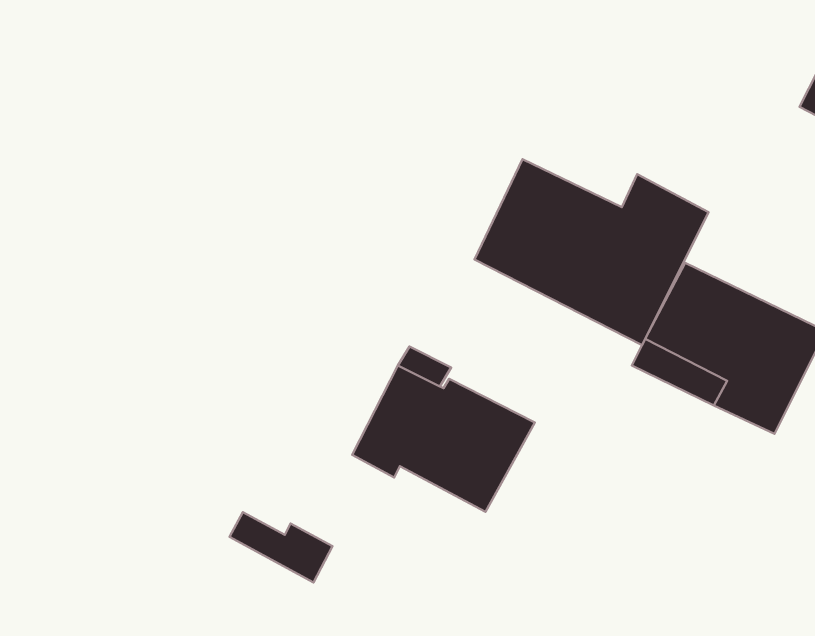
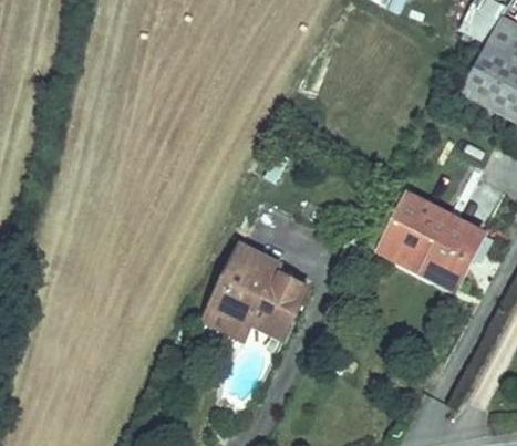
building: [475,159,708,345] -> none
building: [230,512,332,582] -> [201,302,261,343]

